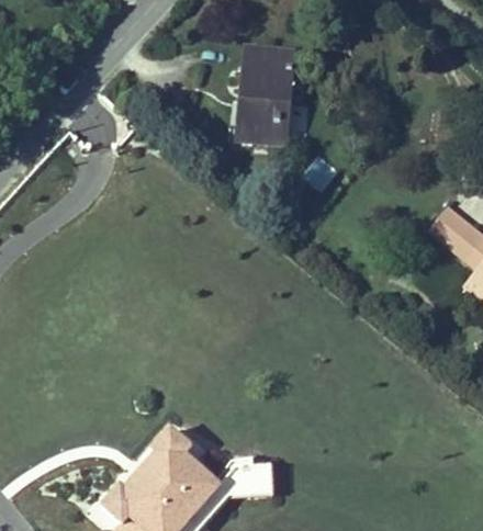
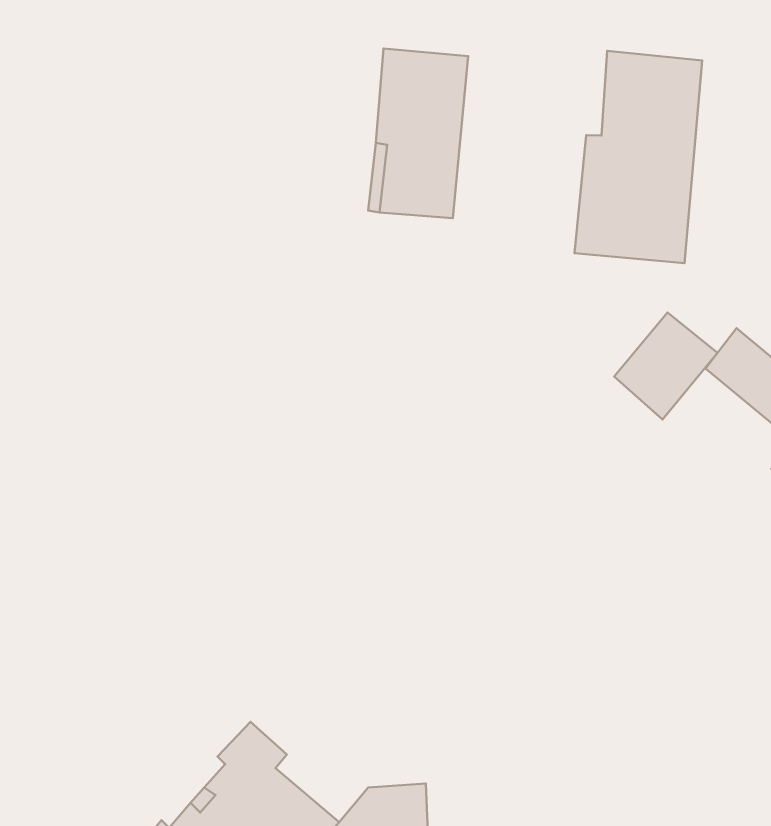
building: none -> [574,51,702,263]
building: none -> [614,312,718,419]

